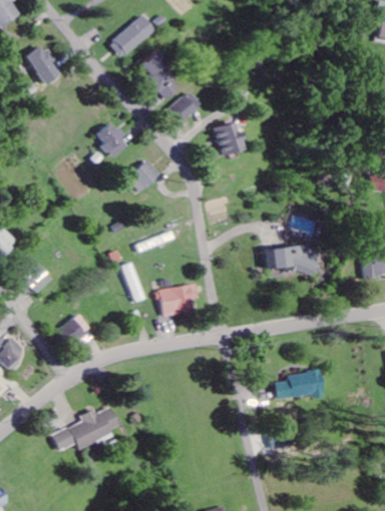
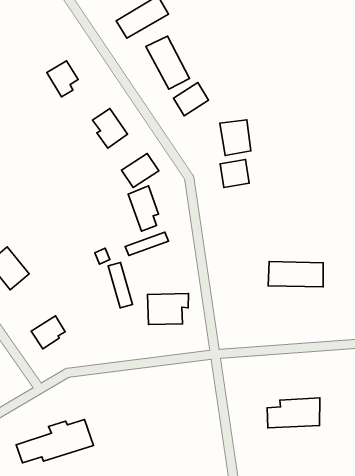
building: [24,44,53,77] -> [47,61,78,97]
building: none -> [220,160,249,187]
building: none -> [128,186,158,231]

